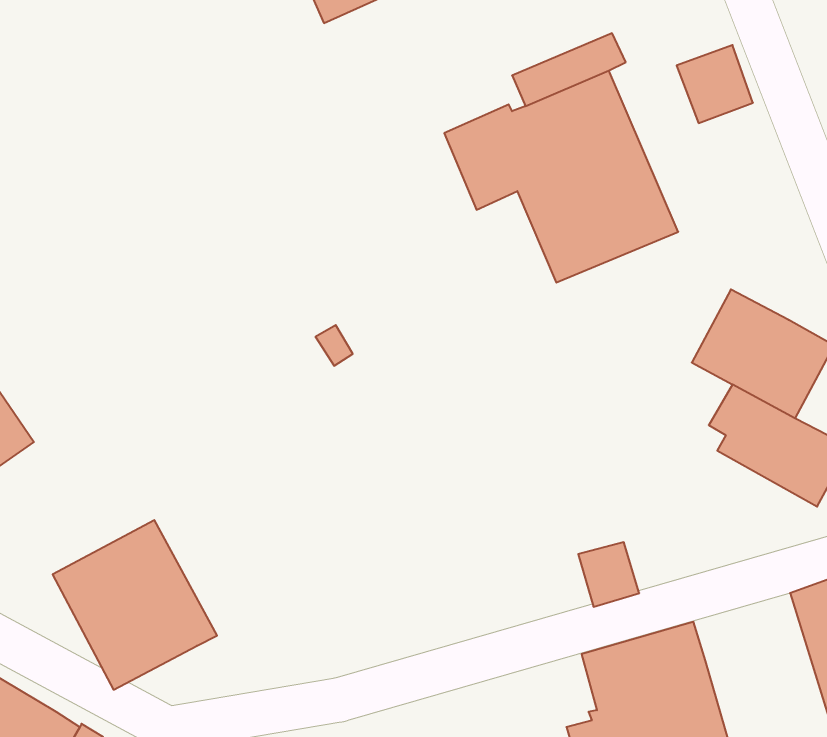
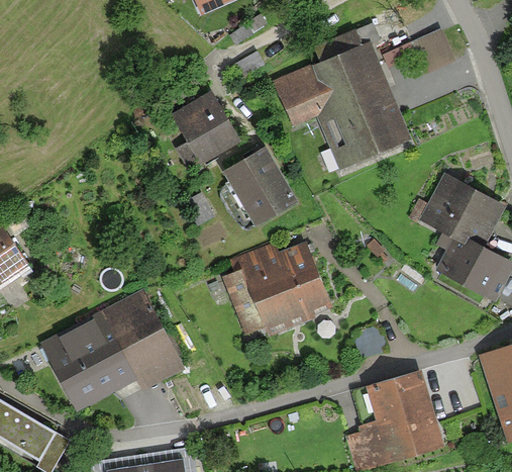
building: none -> [170,92,241,167]
building: none -> [223,148,298,228]
building: none -> [222,241,332,336]
building: none -> [100,289,185,391]

